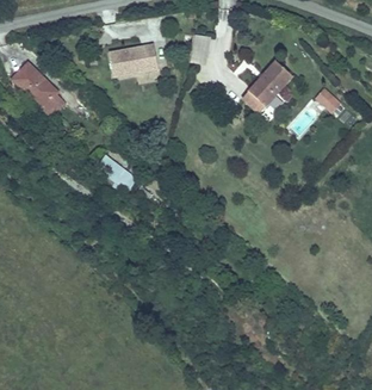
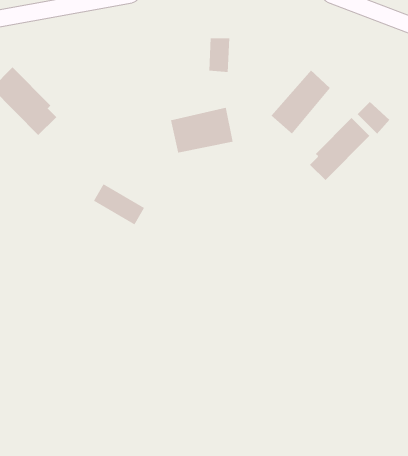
building: [106,42,159,80] -> [170,107,234,153]
building: none -> [309,117,370,181]

